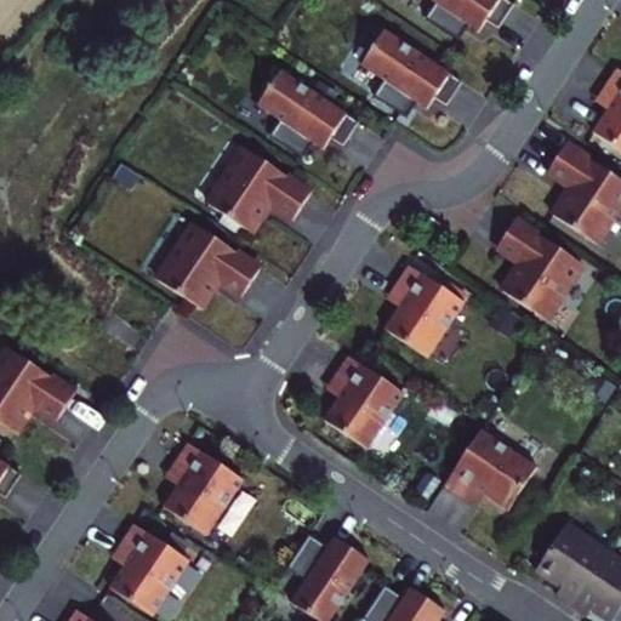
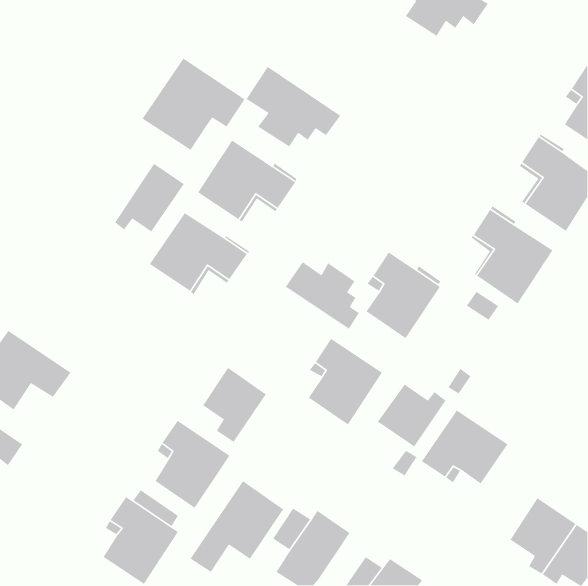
building: [363,29,462,116] -> none
building: none -> [141,58,246,151]
building: none -> [114,163,185,233]
building: none -> [285,261,360,330]
building: none -> [202,367,267,443]
building: none -> [377,384,446,448]
building: none -> [189,480,284,573]

